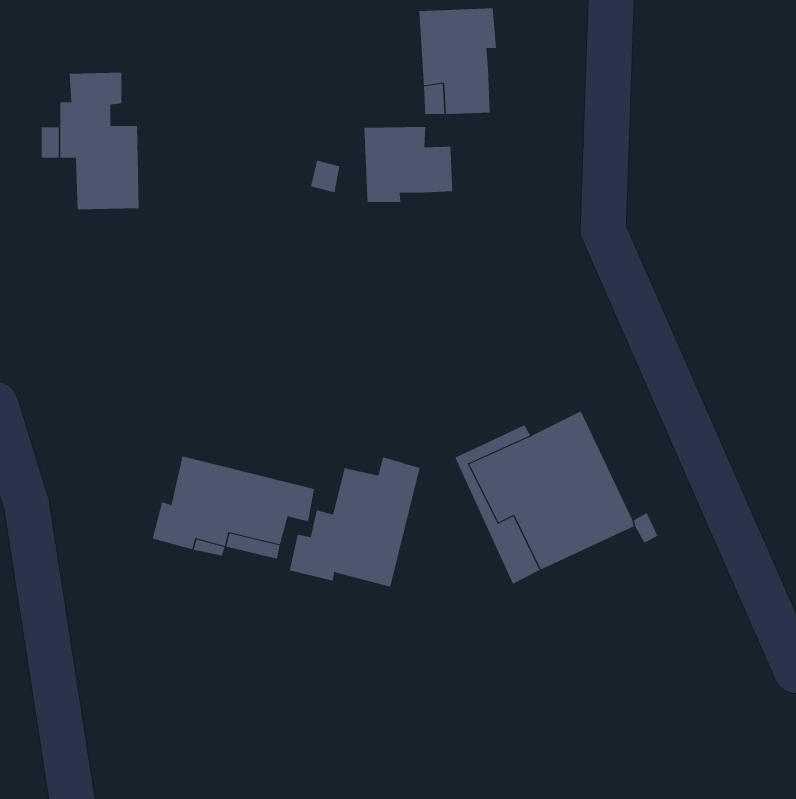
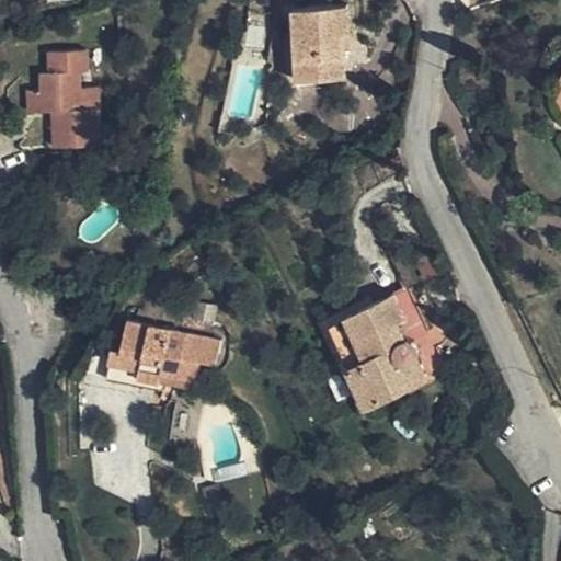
building: [364,126,453,203] -> none
building: [289,457,420,588] -> none

